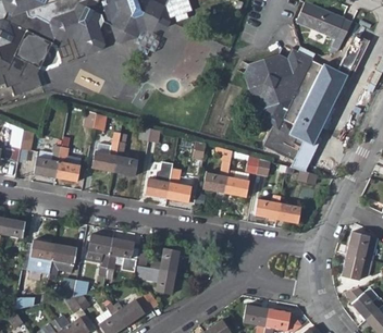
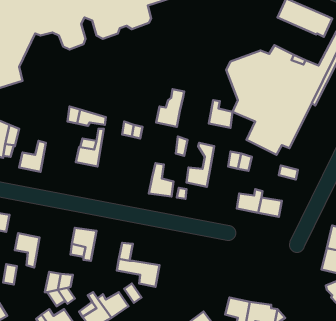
building: [114,134,138,175] -> none
building: [57,148,81,182] -> none
building: [146,161,174,199] -> [156,89,184,127]
building: [225,169,249,197] -> [209,100,233,128]
building: [108,237,135,269] -> none
building: [51,244,77,272] -> none
building: [150,248,181,272] -> none

